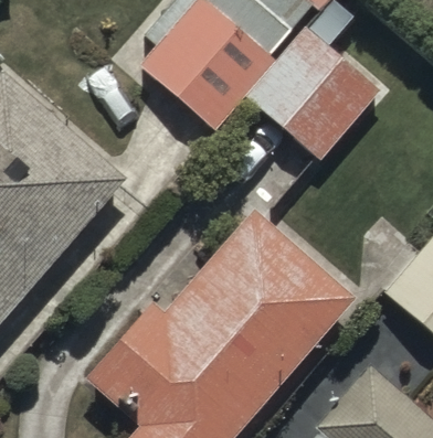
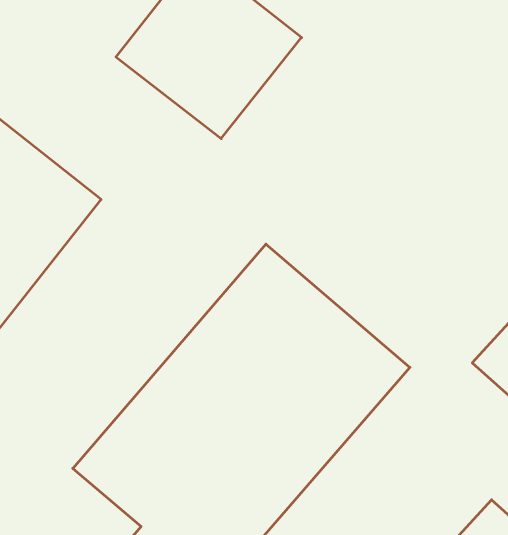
building: [260,33,382,156] -> none

